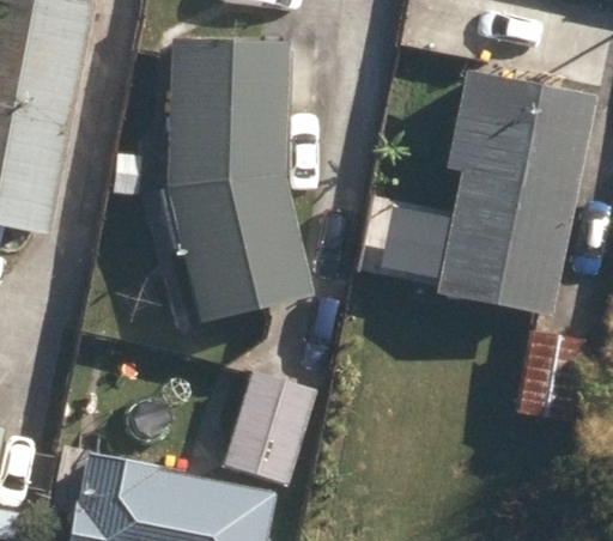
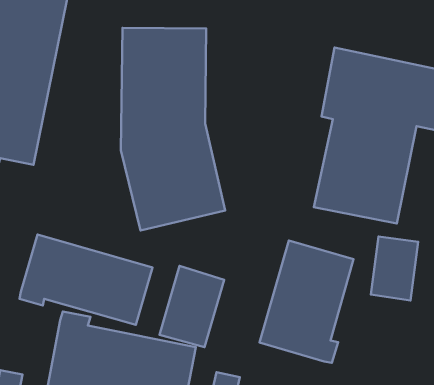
building: none -> [20,234,153,325]
building: none -> [260,240,353,363]

